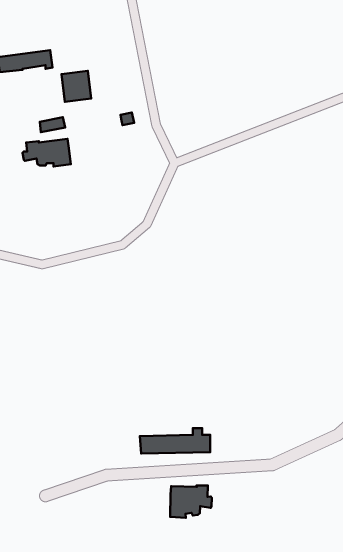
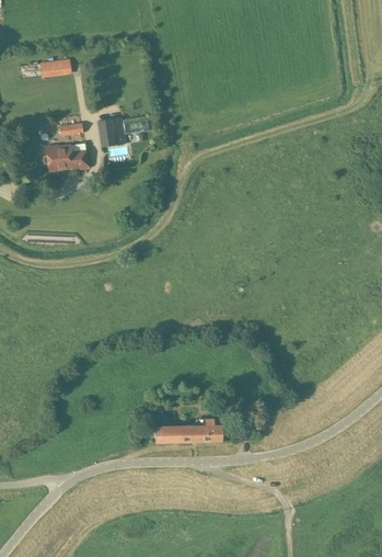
building: [61,71,91,102] -> [97,117,126,147]
building: [170,486,212,518] -> none

